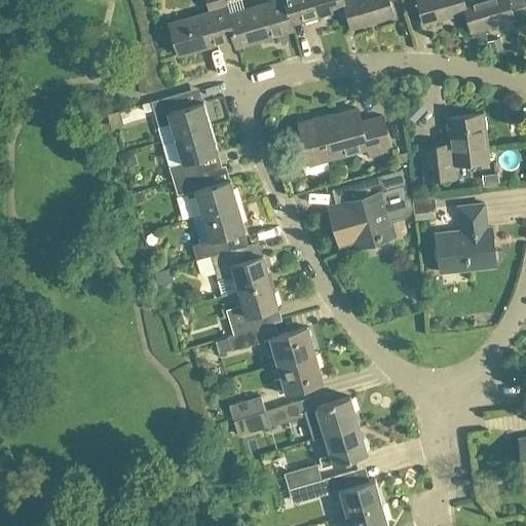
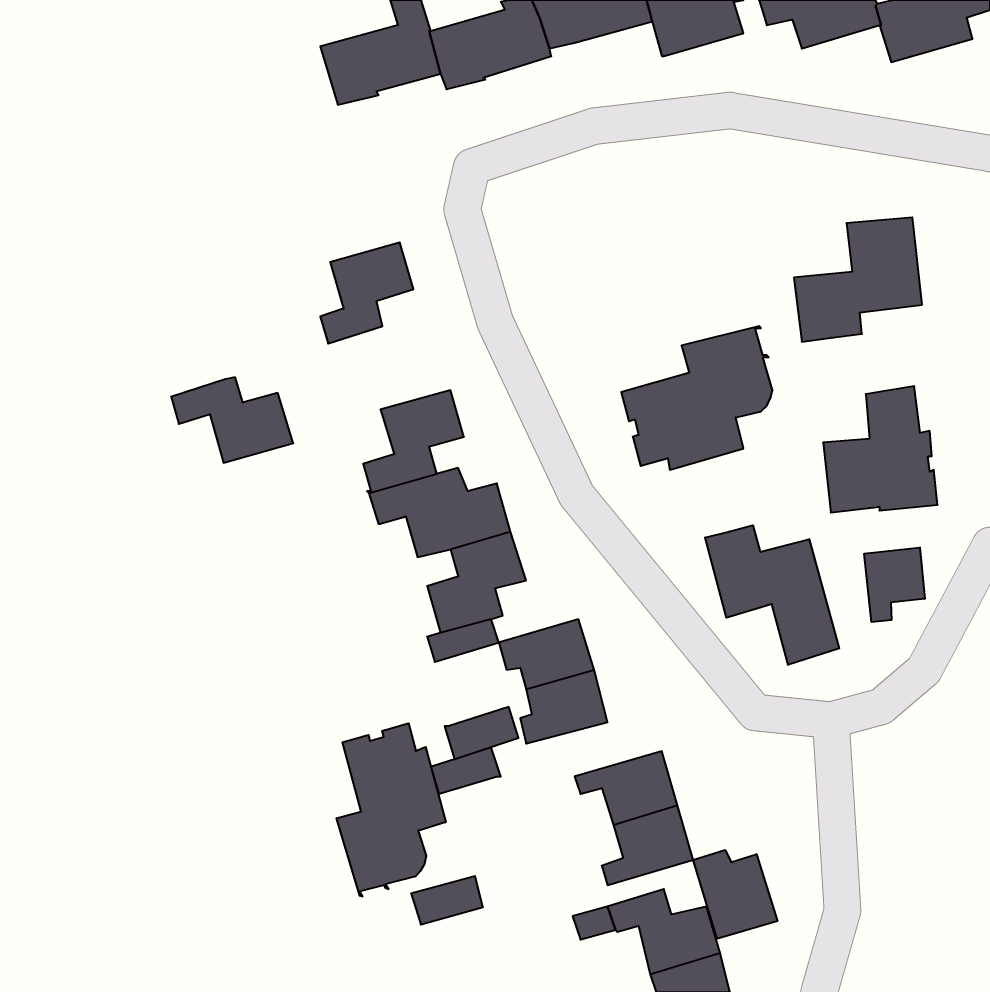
building: [152,93,212,139] -> none
building: [299,110,393,164] -> none
building: [174,172,238,217] -> [171,377,293,463]
building: none -> [705,525,839,665]
building: none -> [864,547,925,622]
building: none -> [337,723,446,897]
building: [263,401,302,428] -> [445,707,518,759]
building: none -> [693,850,777,939]
building: [284,463,322,489] -> [411,876,483,925]

